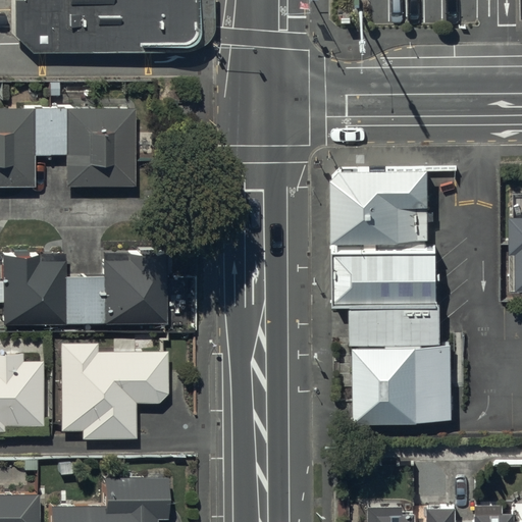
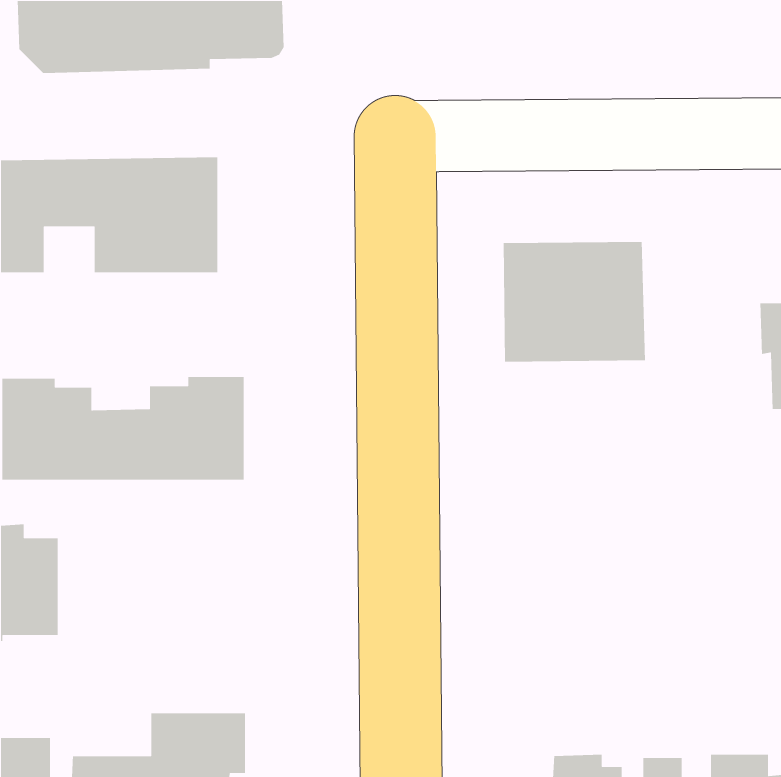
building: [337,245,451,412] -> none
building: [60,344,166,437] -> none

